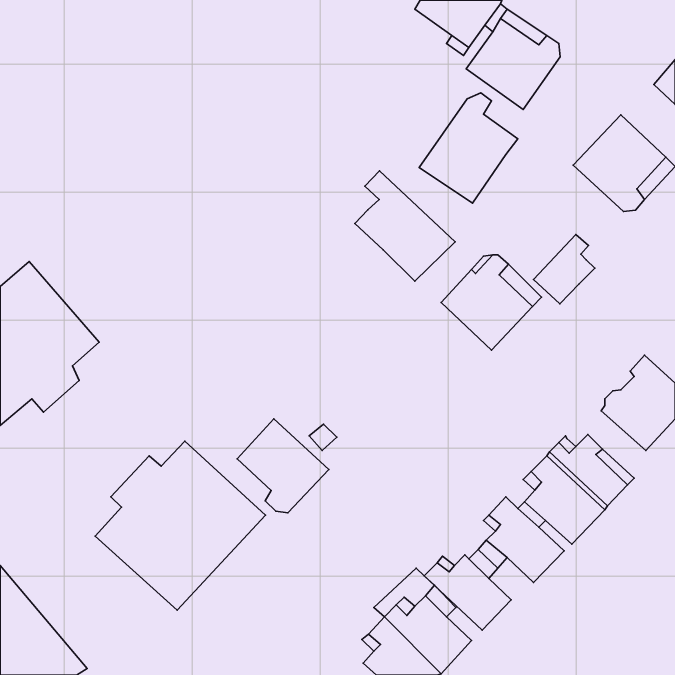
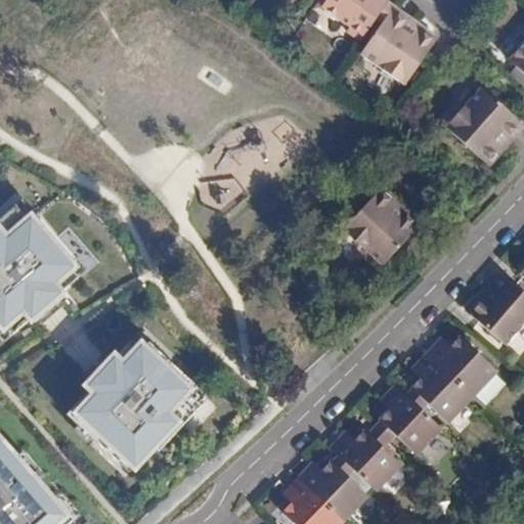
building: [419,93,518,203] -> none
building: [355,171,455,281] -> none
building: [533,234,595,304] -> none
building: [237,419,329,513] -> none

